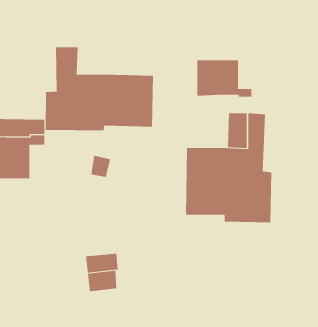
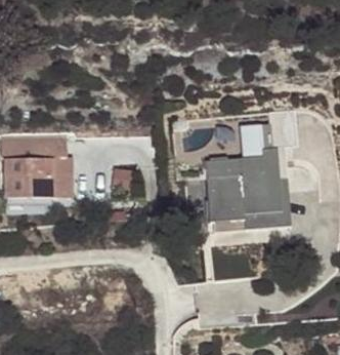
building: [45,46,153,131] -> none
building: [197,60,252,97] -> none

